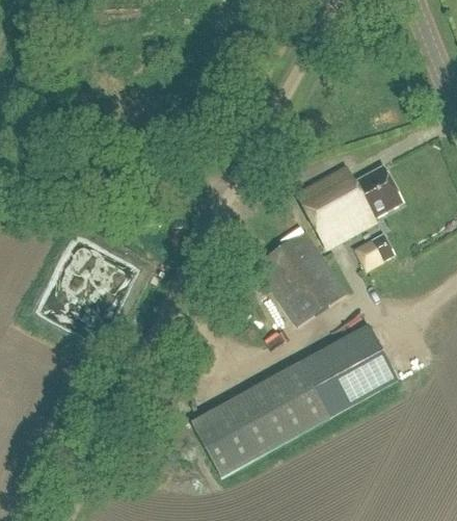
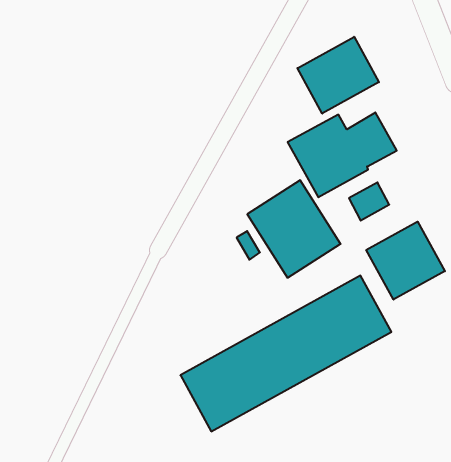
building: none -> [297,37,379,114]
building: none -> [366,222,445,300]

